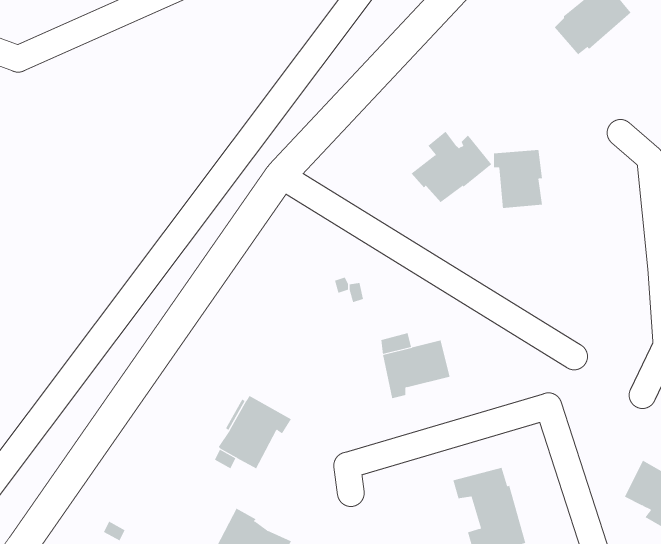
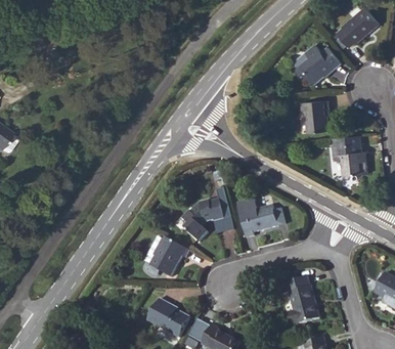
building: [411,131,492,203] -> [295,44,340,84]
building: none -> [330,135,366,175]
building: none -> [182,198,224,241]

